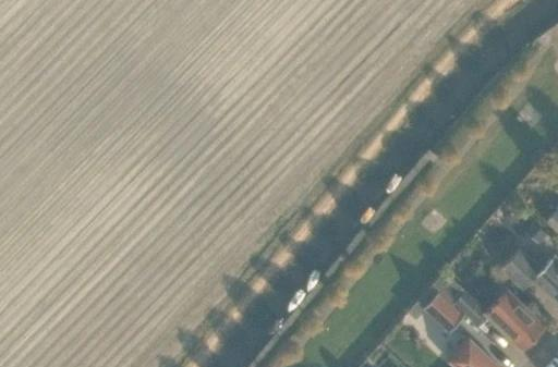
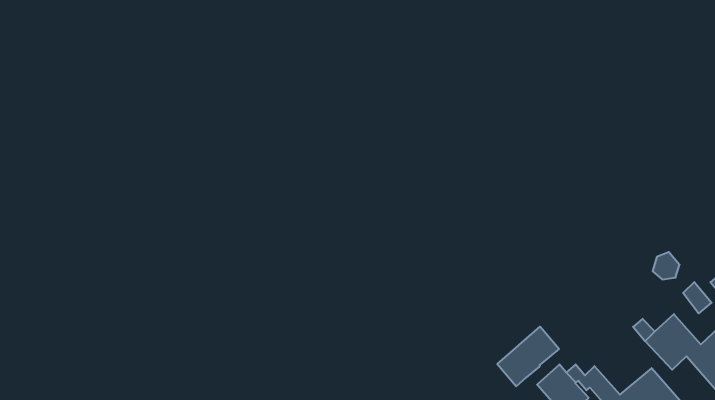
building: none -> [497,327,559,386]

